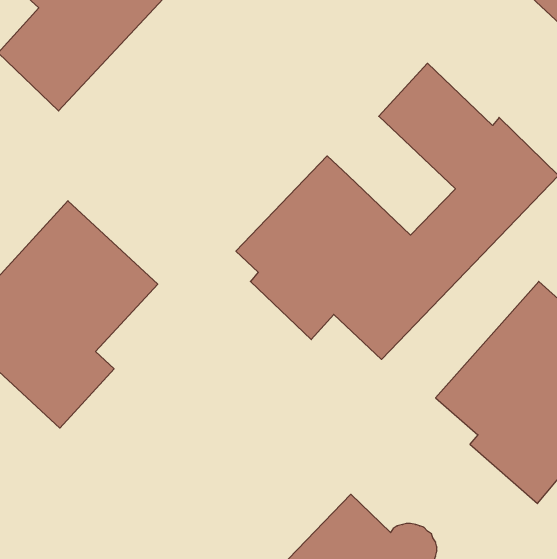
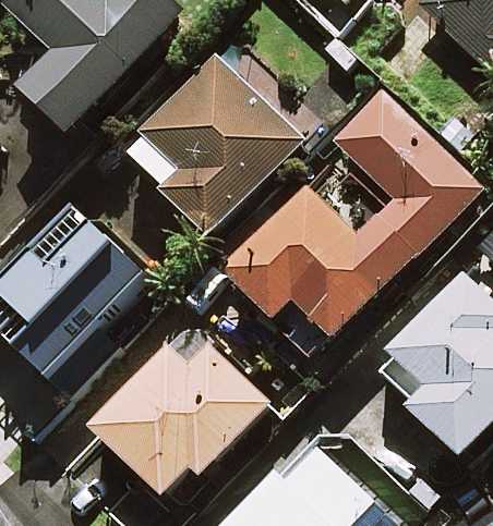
building: none -> [123,57,300,233]
building: none -> [91,323,267,494]

